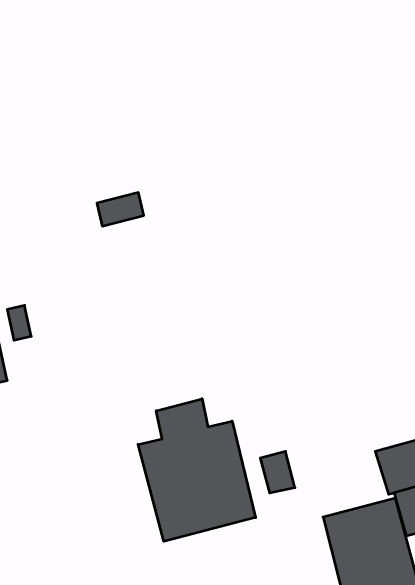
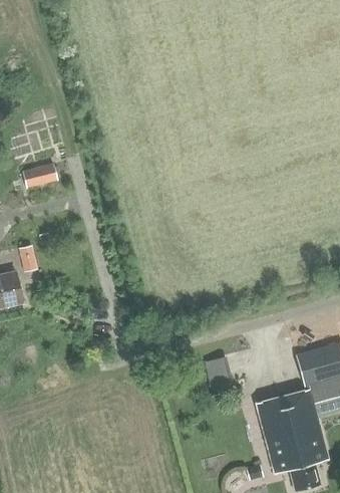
building: [97,193,144,226] -> [21,162,56,187]
building: [138,399,256,541] -> none

